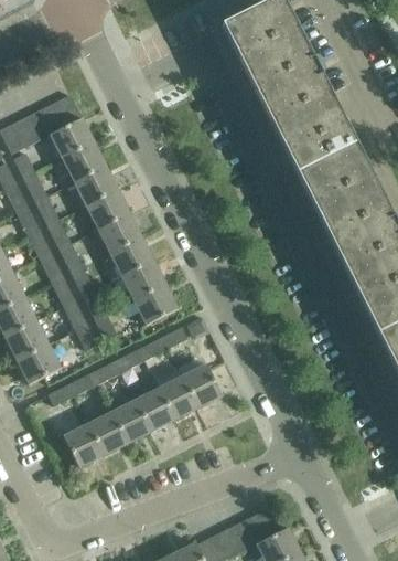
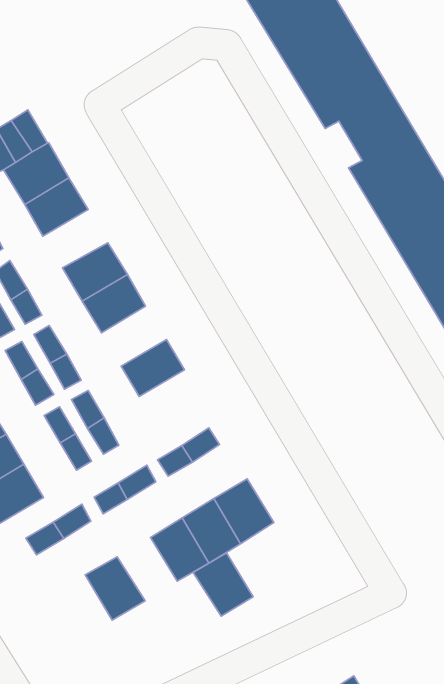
building: [73,167,118,207] -> none
building: [109,237,154,278] -> none
building: [132,284,178,325] -> none
building: [109,400,150,444] -> [193,553,253,616]
building: [63,423,103,468] -> none

